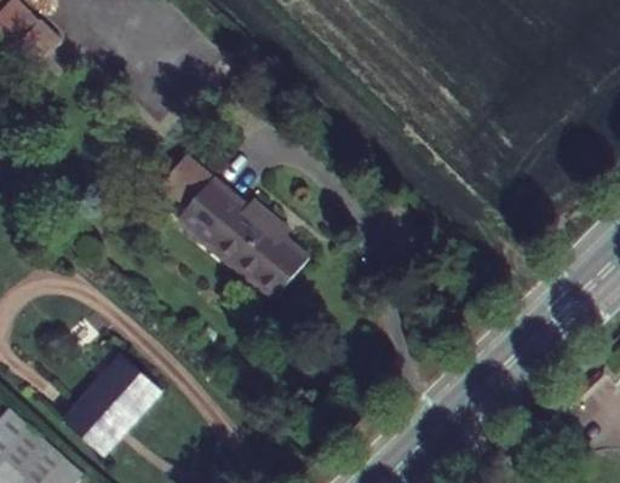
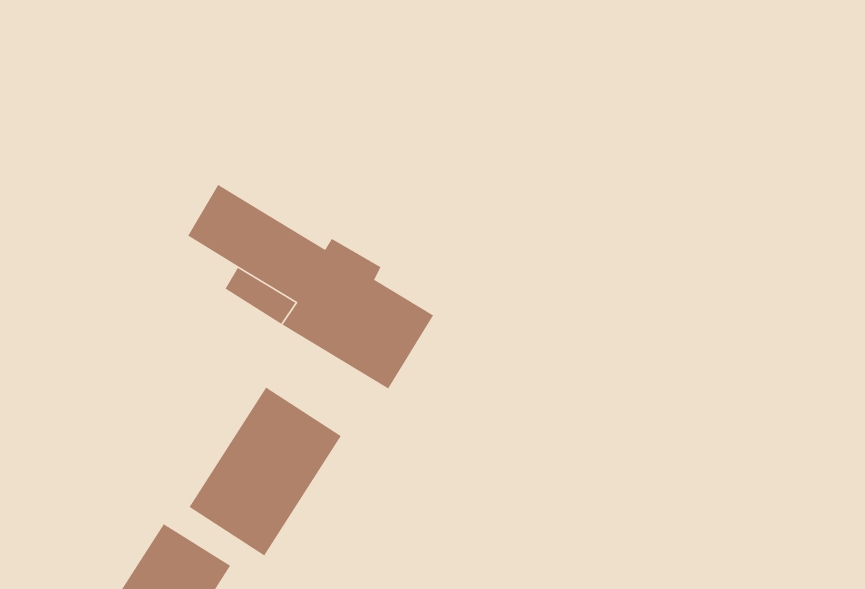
building: none -> [189,387,342,557]

